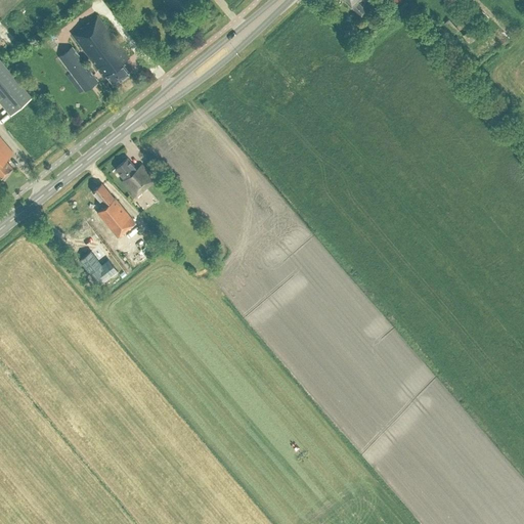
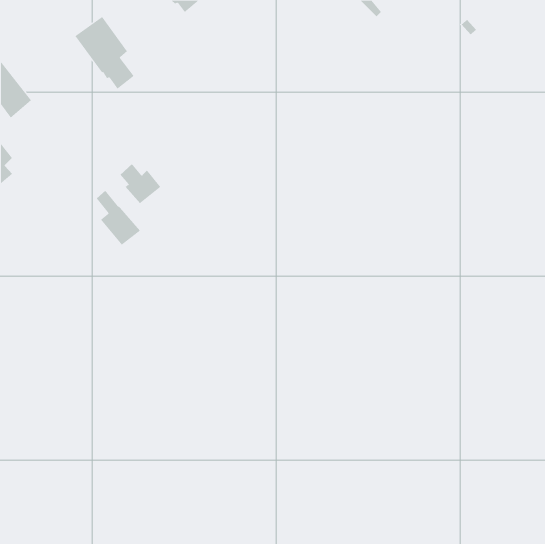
building: [58,46,98,92] -> none
building: [79,253,116,287] -> none

